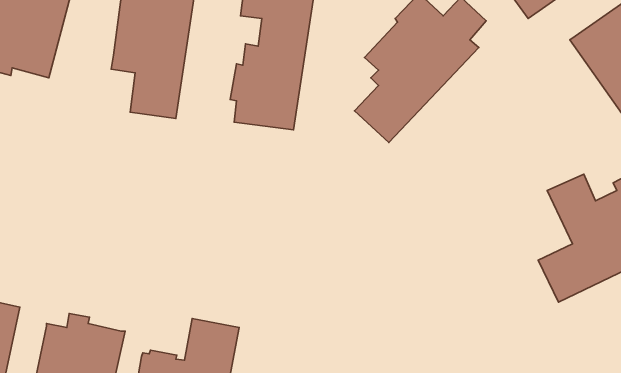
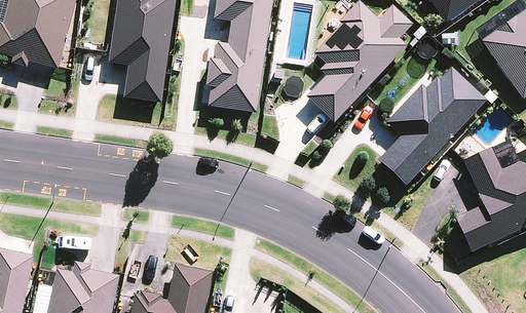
building: none -> [377,67,486,187]

